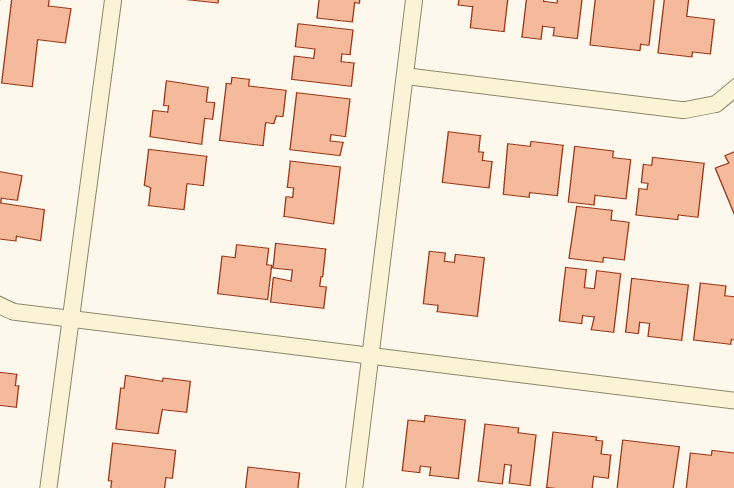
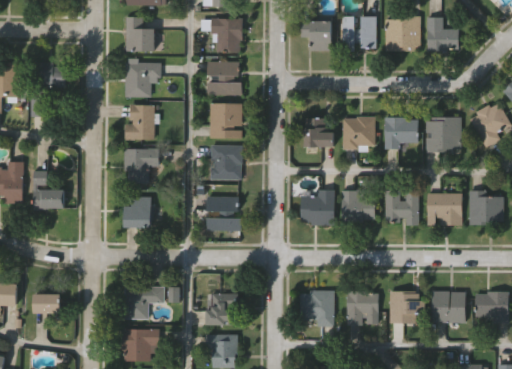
building: [219,78,286,145] -> [123,60,160,99]
building: [569,206,629,262] -> [340,190,374,222]
building: [218,245,272,300] -> [124,196,155,227]
building: none -> [206,293,238,324]

